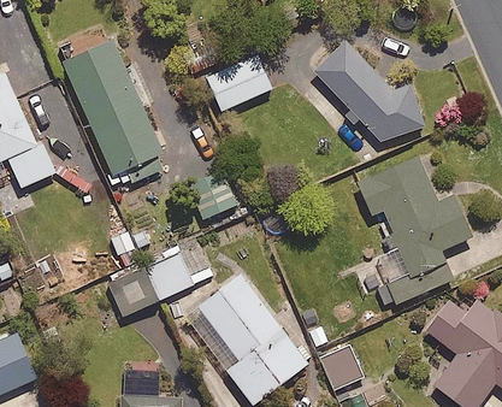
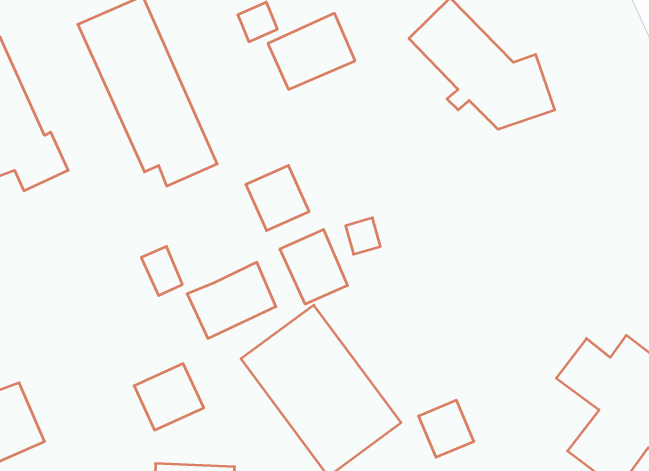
building: [356,154,471,308] -> none
building: none -> [280,229,348,304]
building: [107,266,160,317] -> [134,364,204,430]

